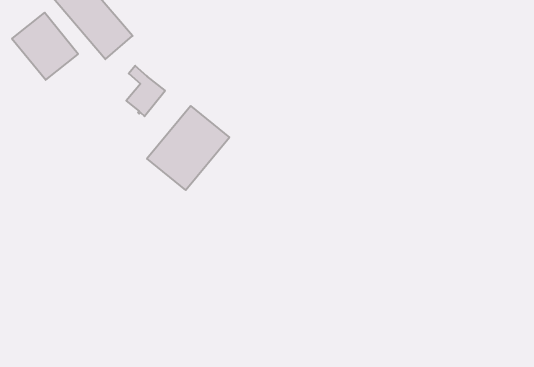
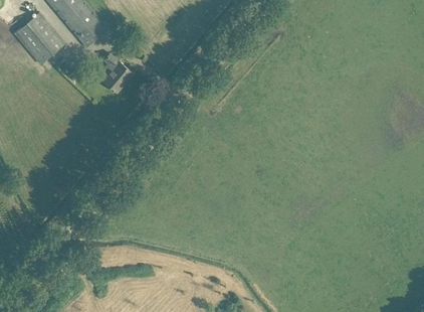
building: [147,106,229,190] -> none

